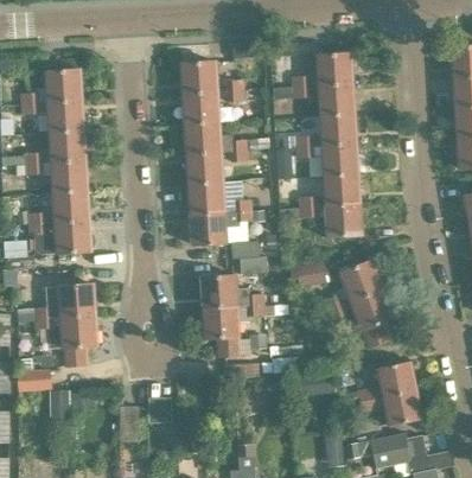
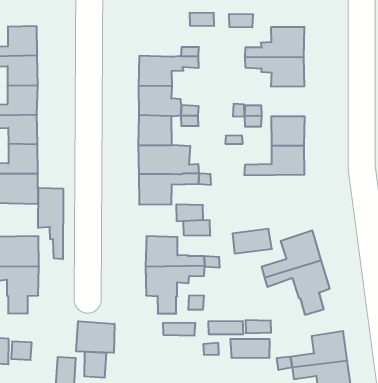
building: [181,60,217,93] -> none
building: [320,113,357,146] -> none
building: [299,203,362,236] -> none
building: none -> [38,188,63,259]
building: none -> [76,321,114,353]

